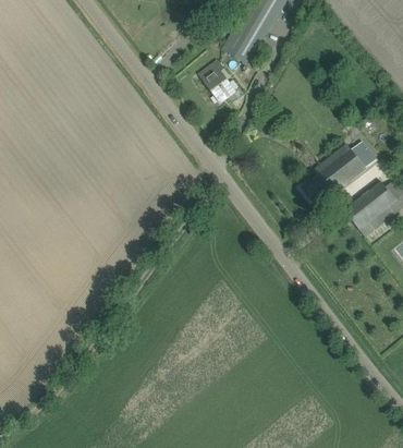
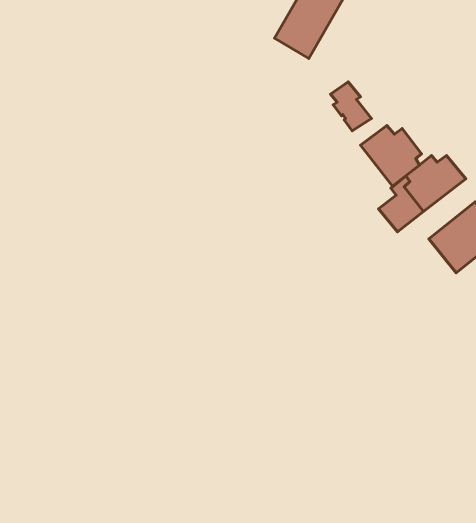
building: [203,60,235,99] -> [330,82,371,131]
building: none -> [360,126,422,186]

